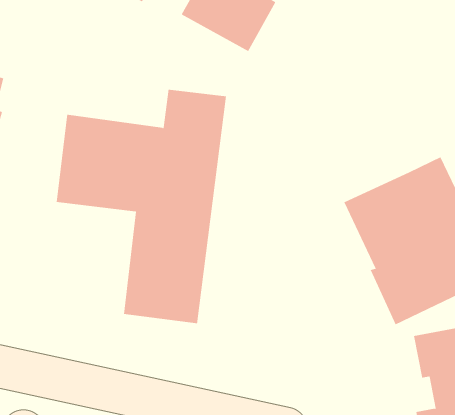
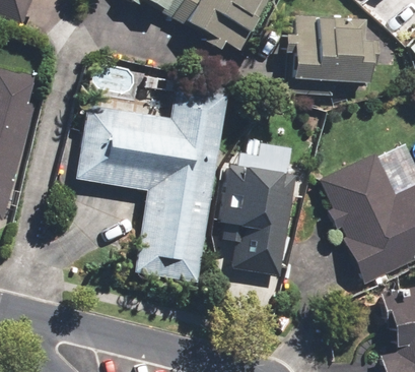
building: none -> [284,18,372,96]
building: none -> [219,165,296,275]

